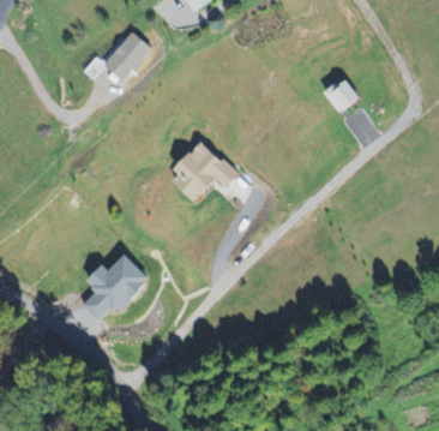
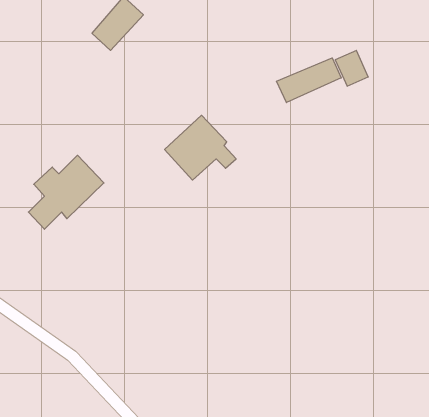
building: none -> [277,58,341,103]
building: [82,252,150,319] -> [28,155,104,229]

